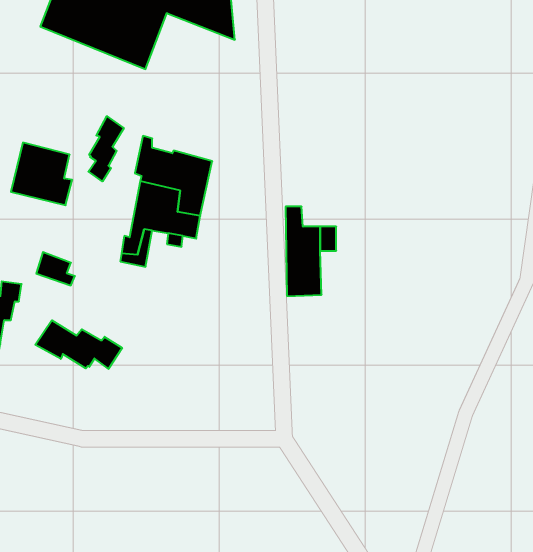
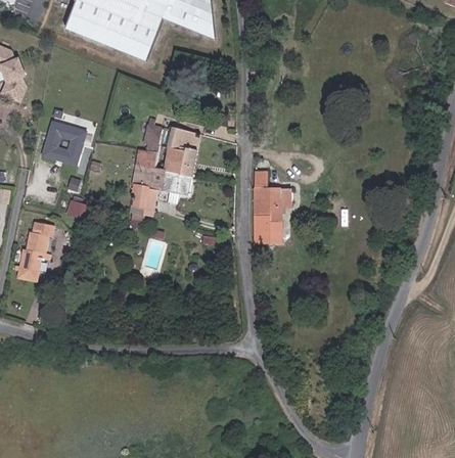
building: [88,116,124,181] -> none
building: [35,320,122,369] -> none

